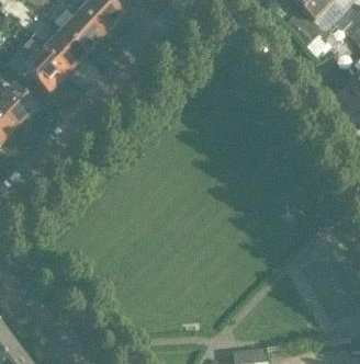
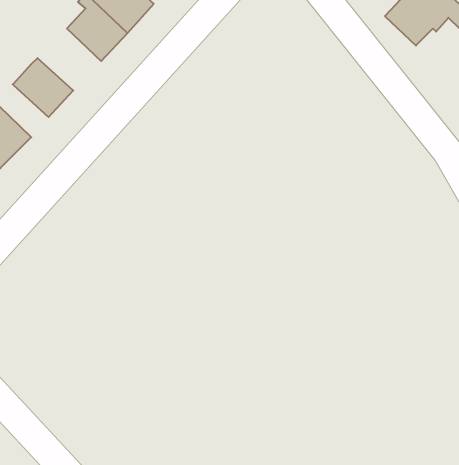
building: [37,27,88,71] -> none

